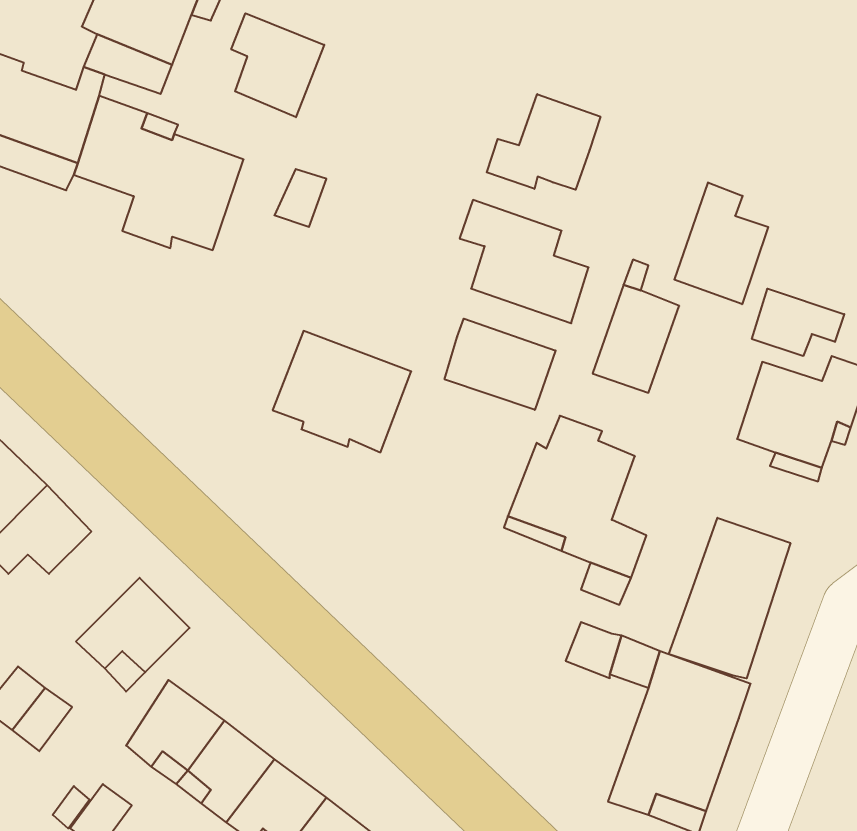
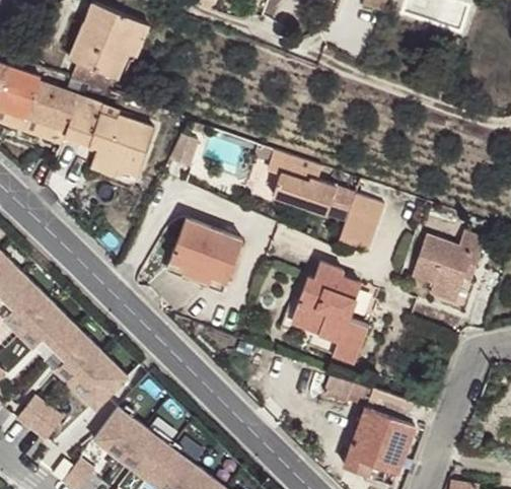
building: [231,13,324,117] -> none
building: [487,94,600,190] -> none
building: [674,182,768,304] -> none
building: [752,289,844,356] -> none
building: [445,319,556,410] -> none
building: [669,518,790,678] -> none
building: none -> [52,326,99,383]

